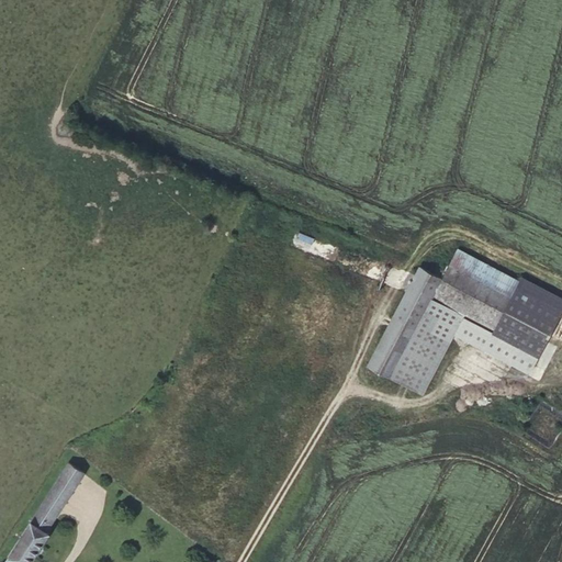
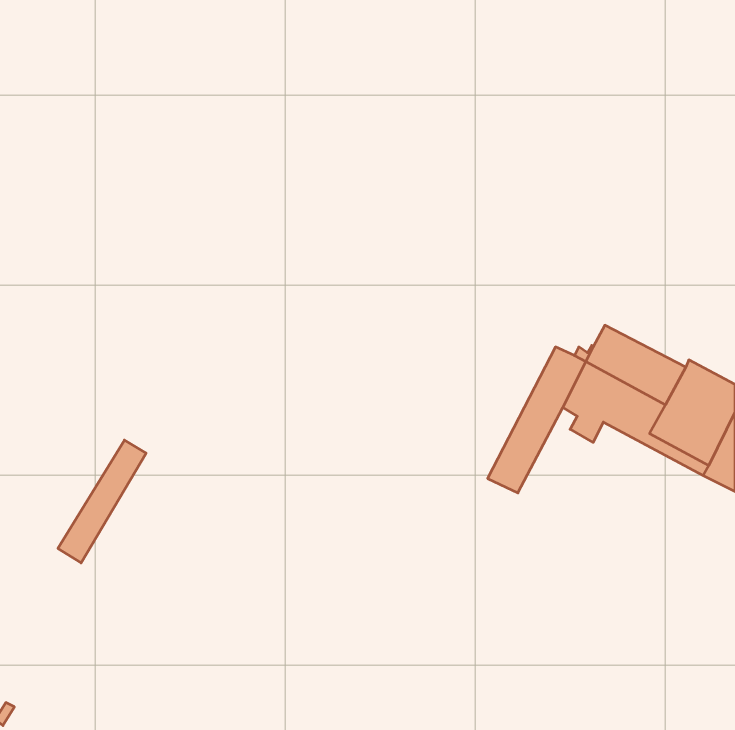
building: [393,316,450,396] -> none
building: [13,462,80,555] -> [58,440,146,563]

